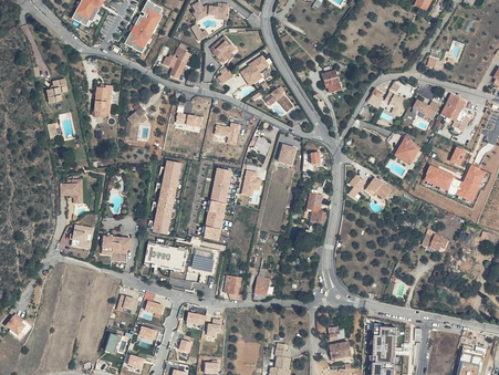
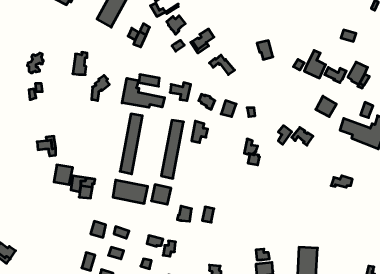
building: none -> [122,78,165,107]

